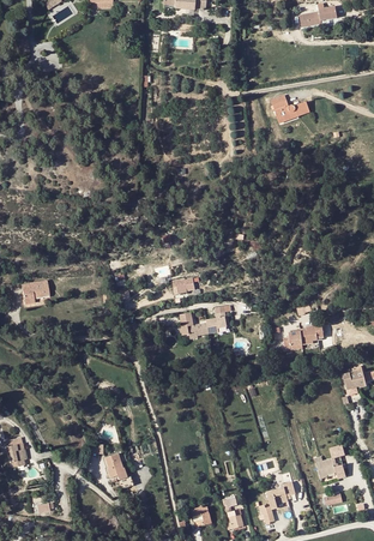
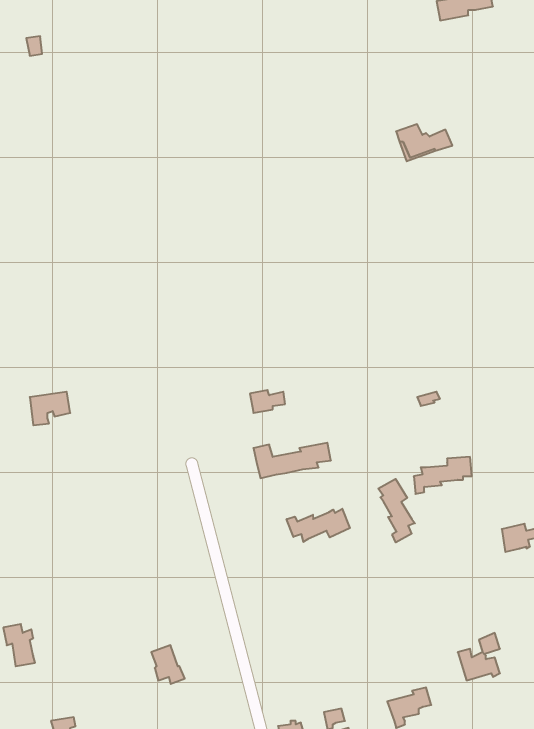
building: none -> [378,479,415,542]
building: none -> [287,509,350,542]

